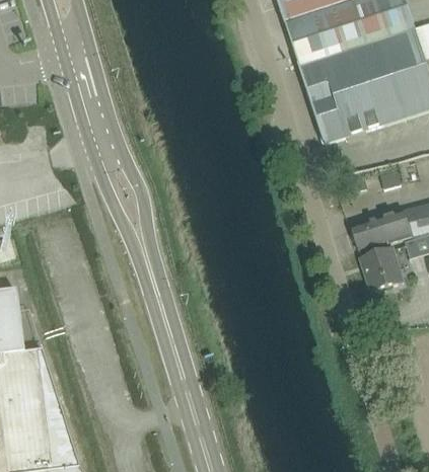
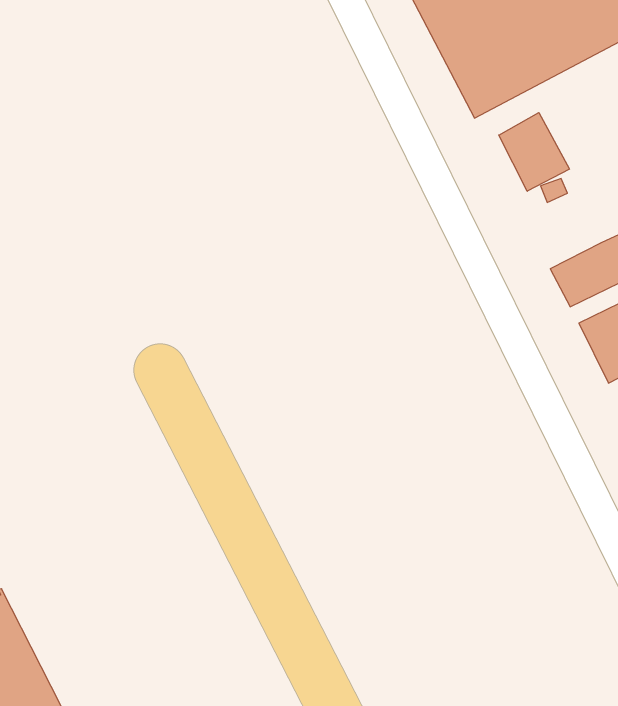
building: none -> [499,113,569,191]

